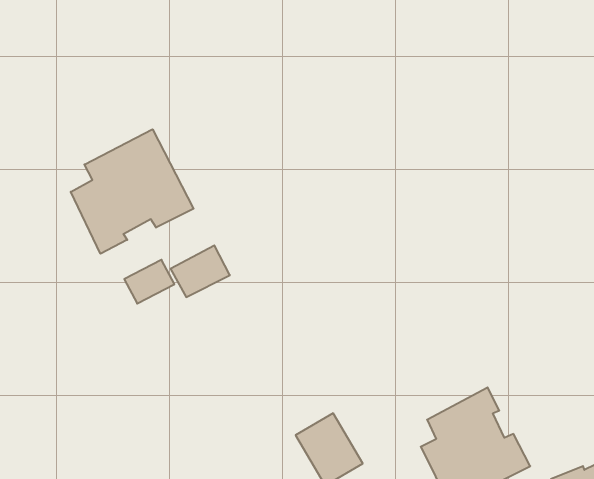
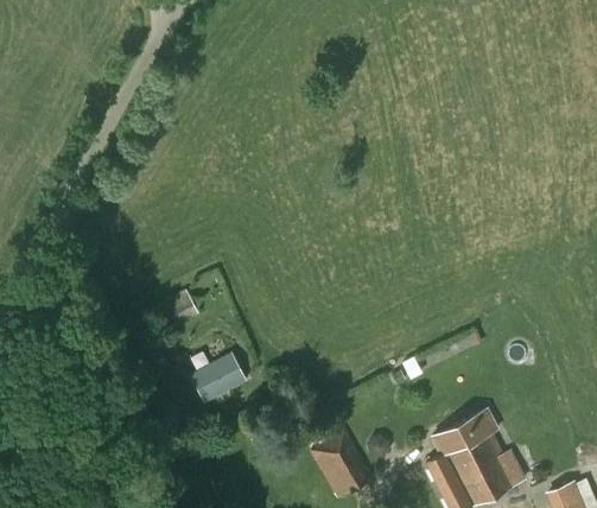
building: [71,129,194,254] -> none
building: [171,245,230,297] -> [191,354,246,401]

